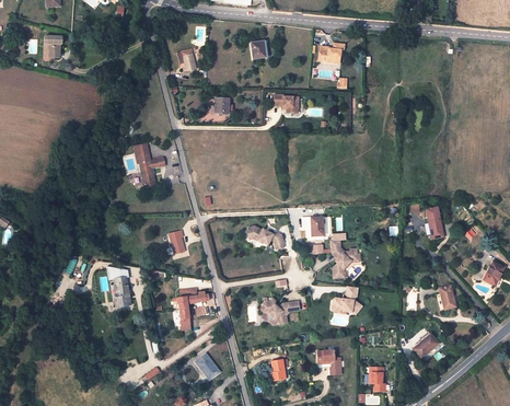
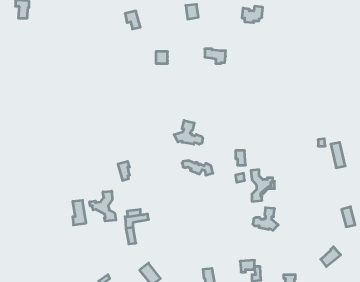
building: [134,144,164,187] -> none
building: none -> [174,120,203,144]
building: none -> [90,191,116,221]
building: [263,300,299,325] -> none

